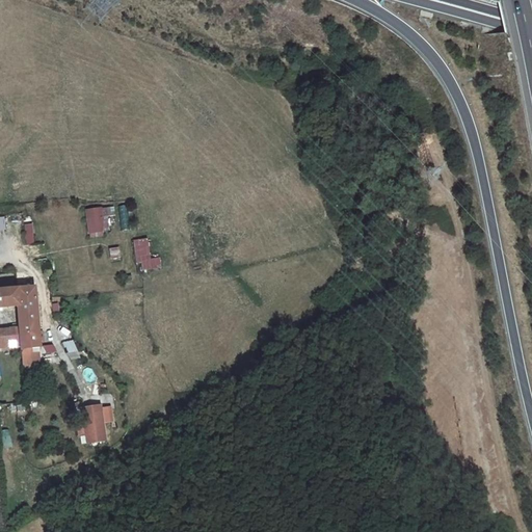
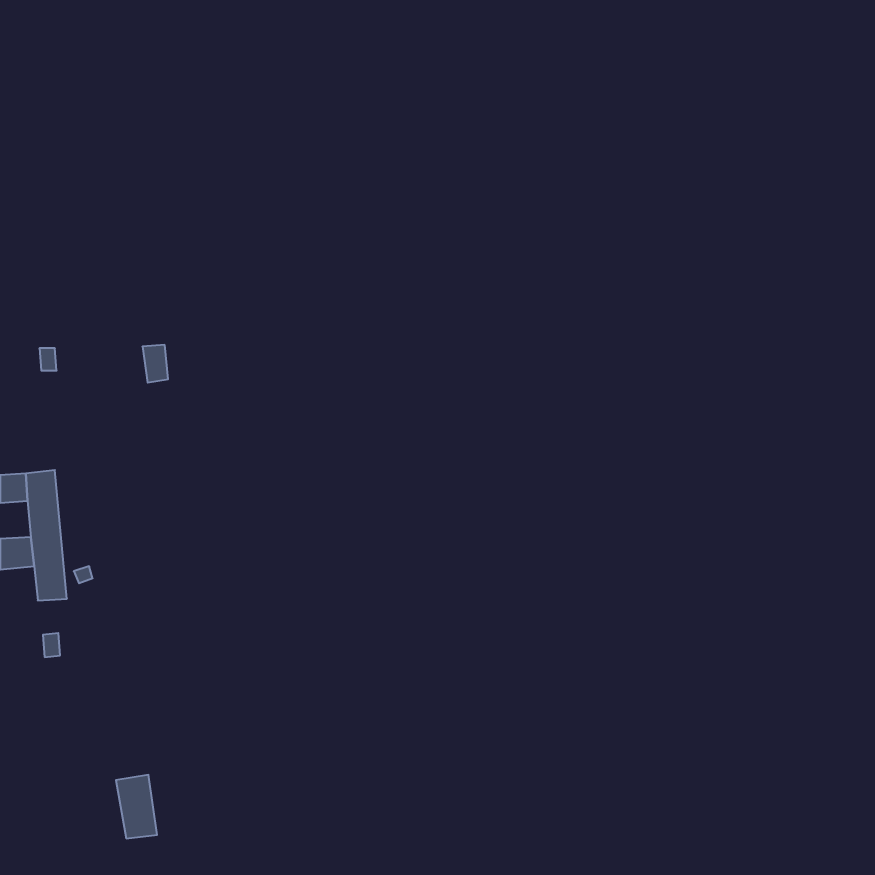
building: [135,239,162,269] -> none
building: [82,404,107,443] -> [116,775,157,838]

